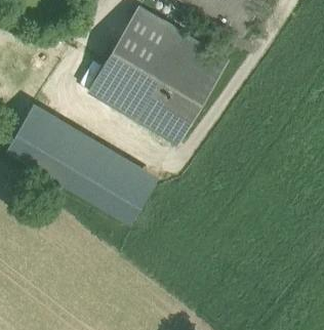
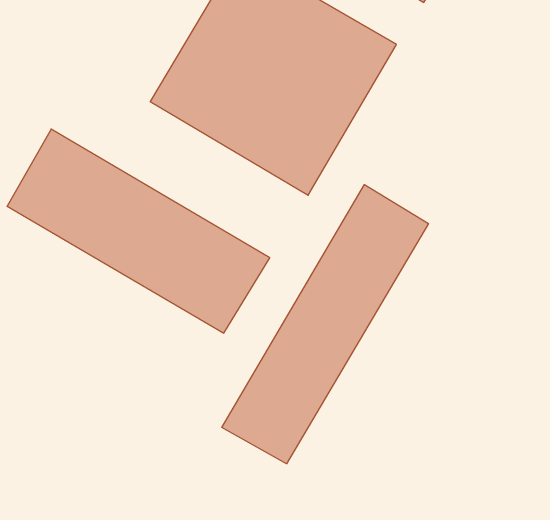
building: none -> [222,185,428,464]

